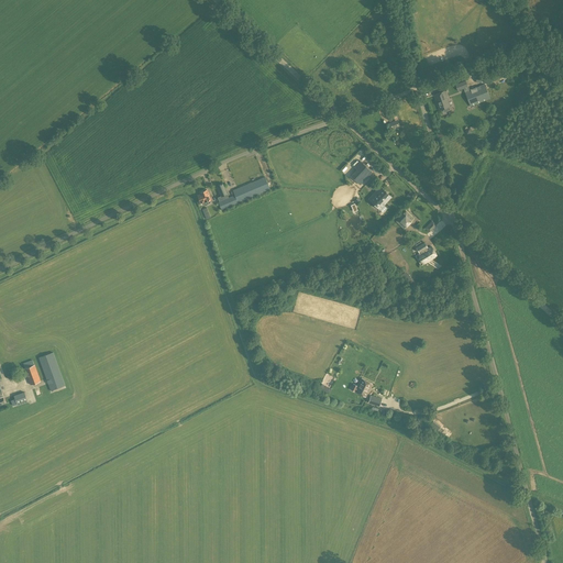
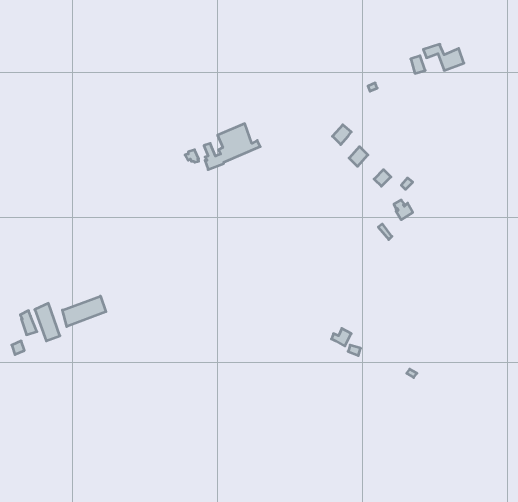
building: none -> [62,296,106,327]

